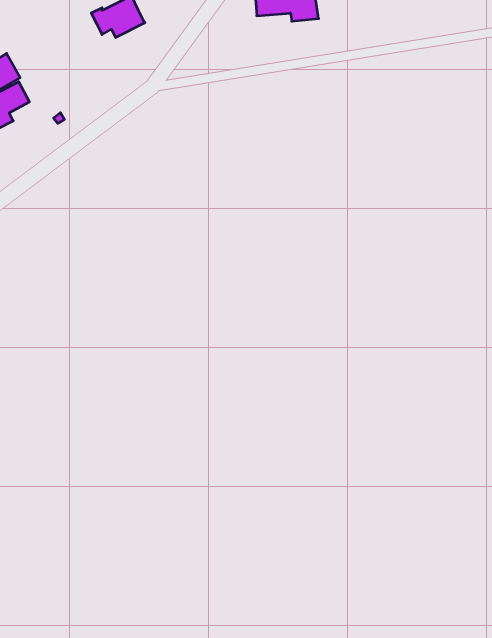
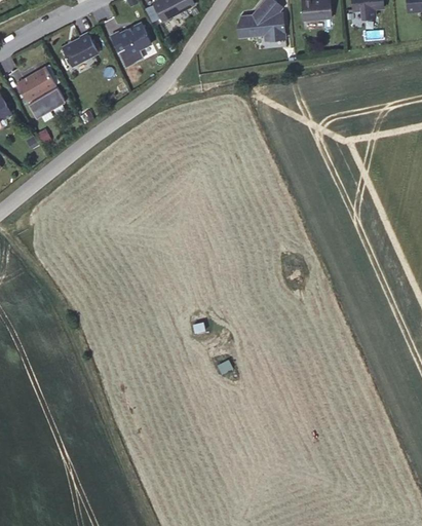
building: none -> [62,32,99,66]

